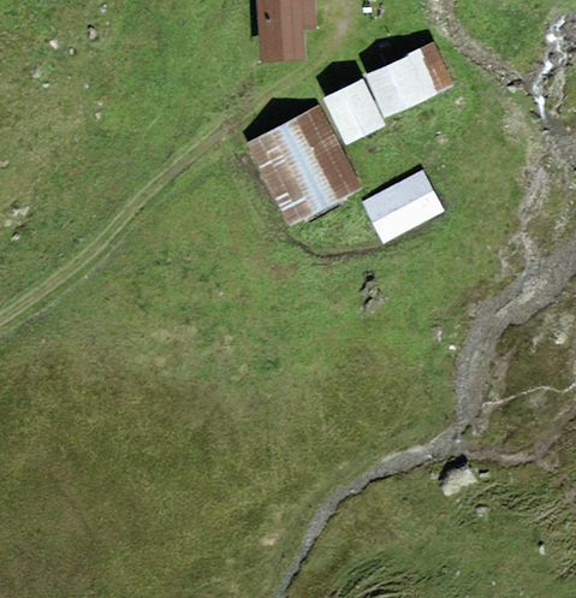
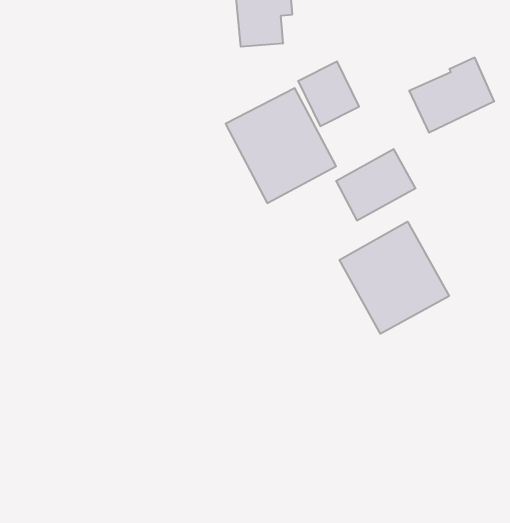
building: [364,40,453,118] -> [409,58,494,132]
building: none -> [340,222,449,334]

